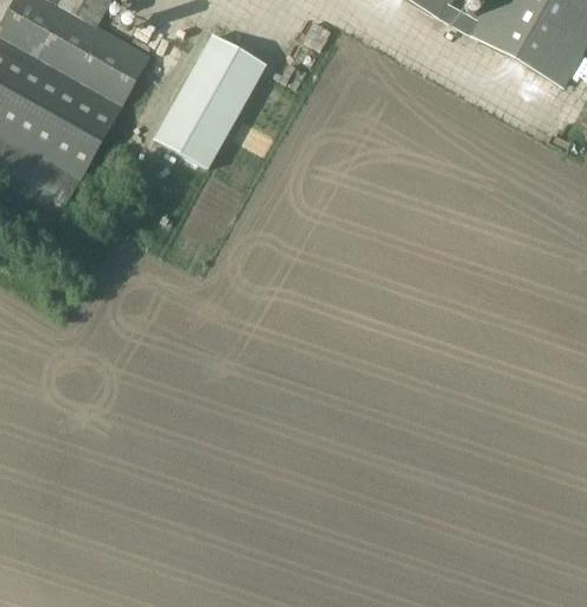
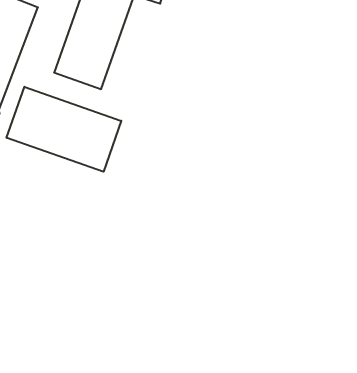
building: none -> [7,87,121,172]

